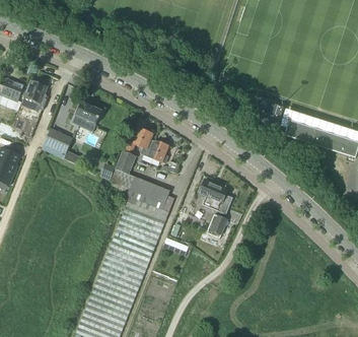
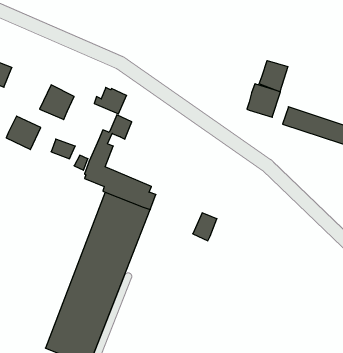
building: none -> [259,61,288,92]
building: [140,138,168,161] -> [94,87,127,114]
building: [198,178,232,213] -> none

